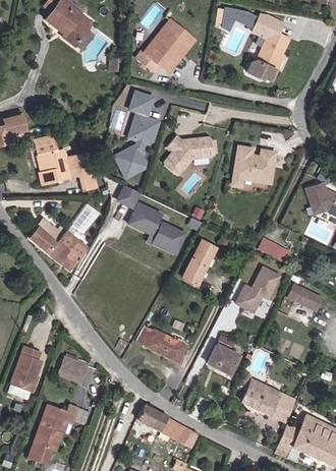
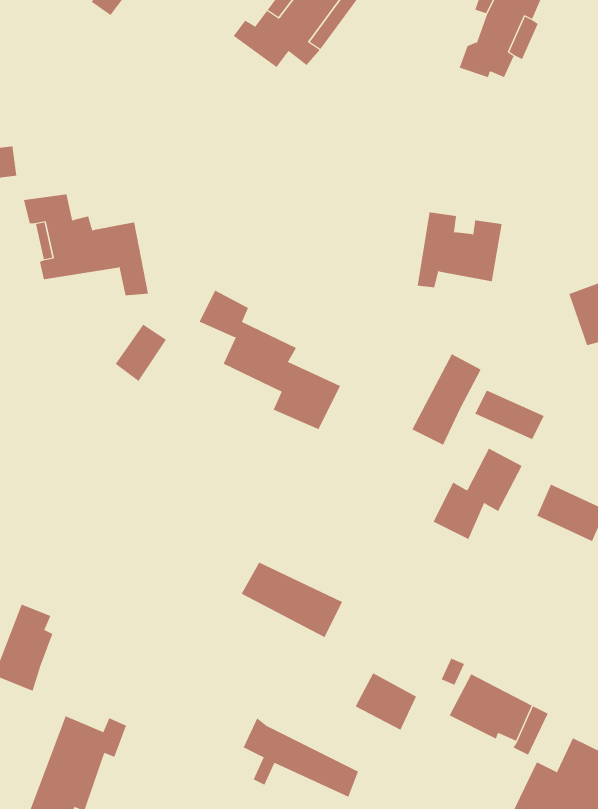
building: [110,94,155,179] -> none
building: [161,137,209,176] -> none
building: [27,219,85,274] -> none
building: [183,239,219,286] -> [411,353,481,445]
building: [208,344,239,373] -> [355,673,417,731]
building: [58,355,88,382] -> none

